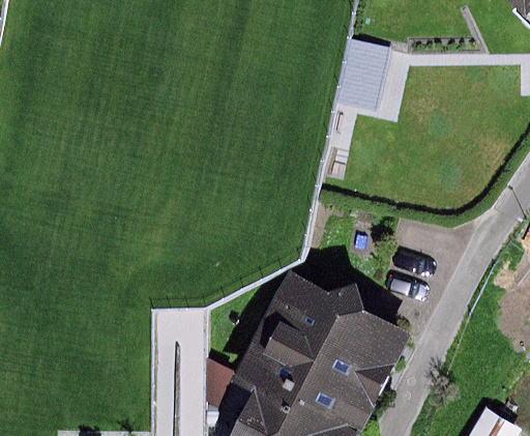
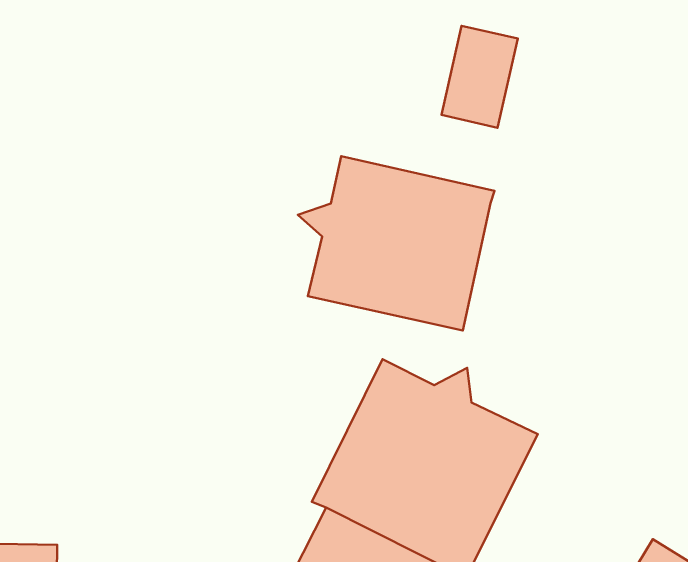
building: none -> [298,156,494,331]

